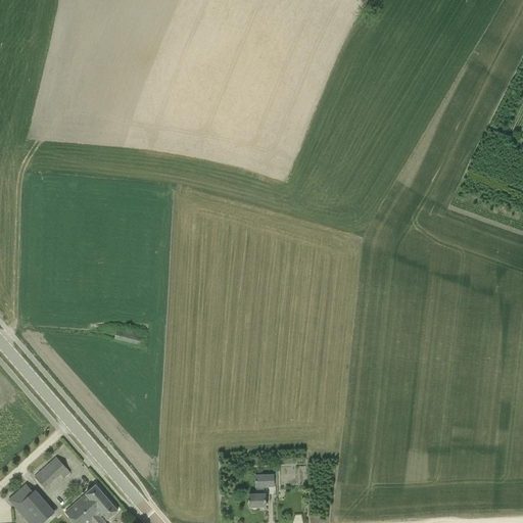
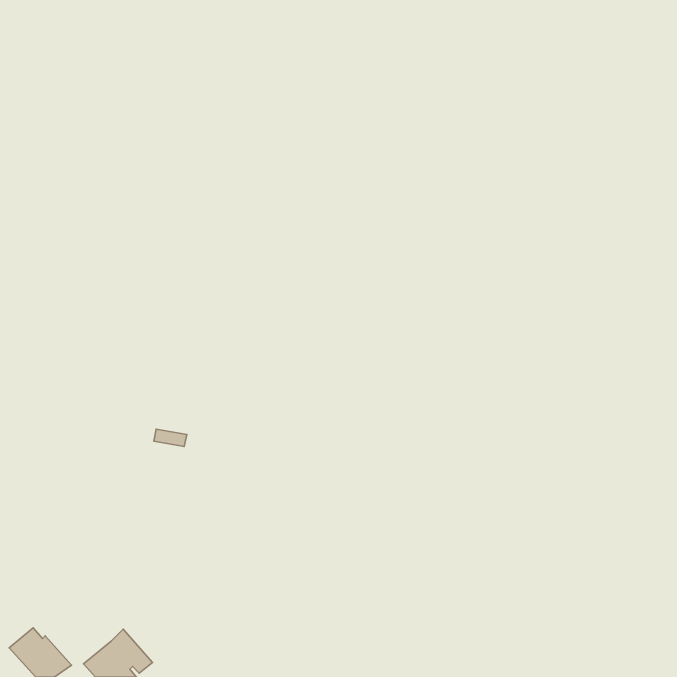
building: [34,457,70,489] -> none
building: [248,474,274,508] -> none

